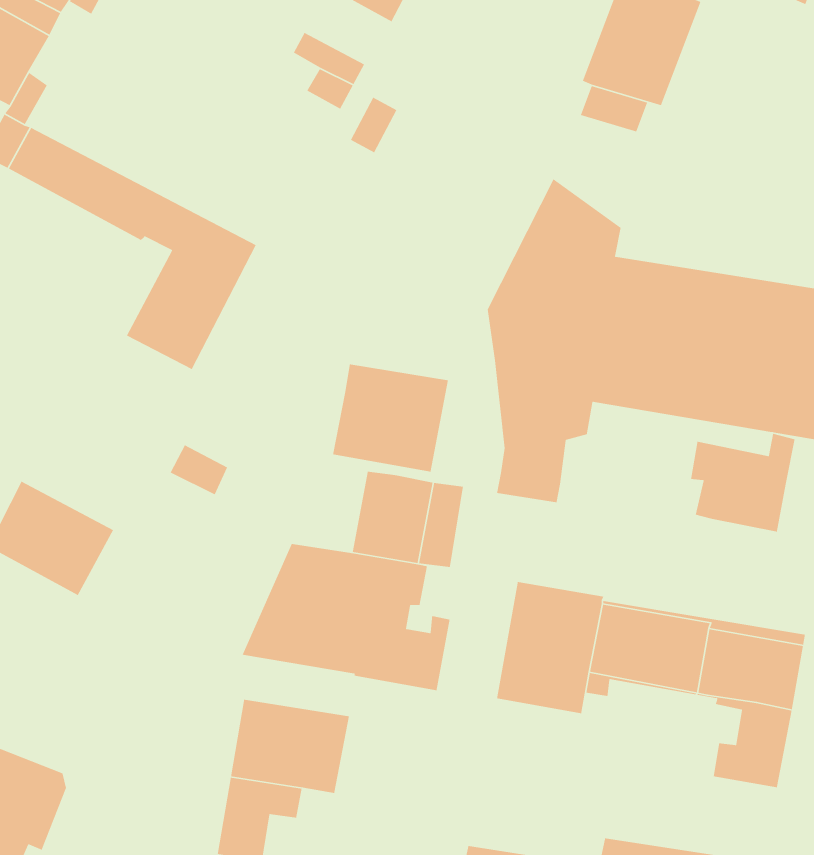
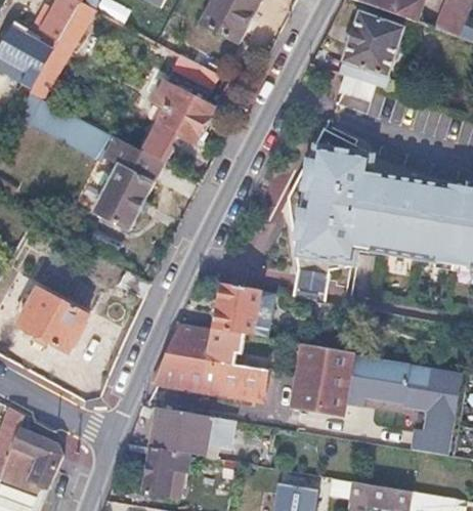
building: none -> [146,83,212,150]
building: [332,364,449,472] -> none
building: [690,433,795,533] -> none

